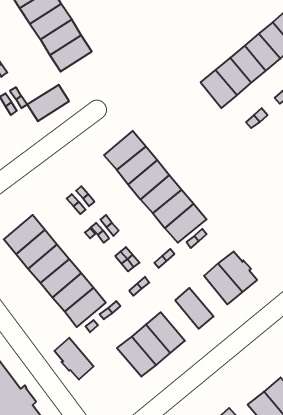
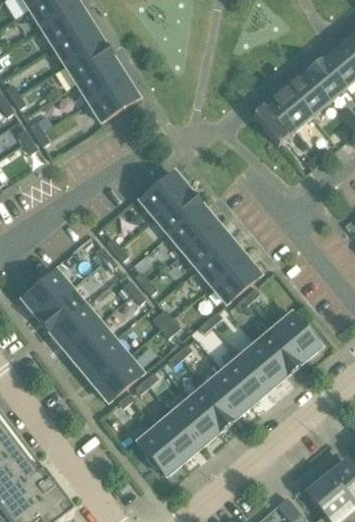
building: [27,85,69,121] -> [89,77,138,120]
building: none -> [240,341,285,388]
building: none -> [206,369,251,417]
building: [54,338,94,380] -> [138,425,184,474]

